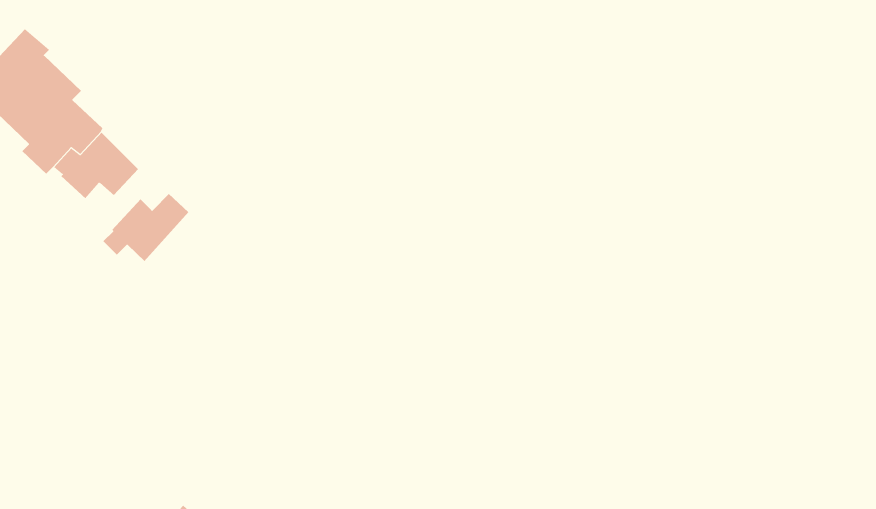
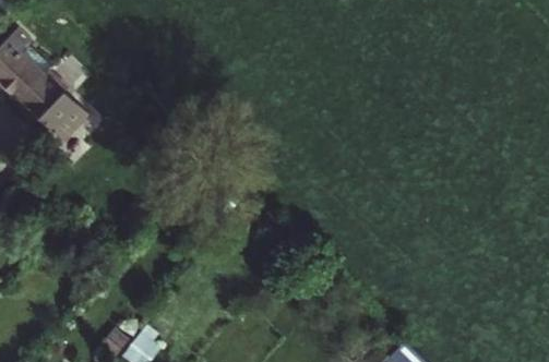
building: [102,193,189,262] -> none

